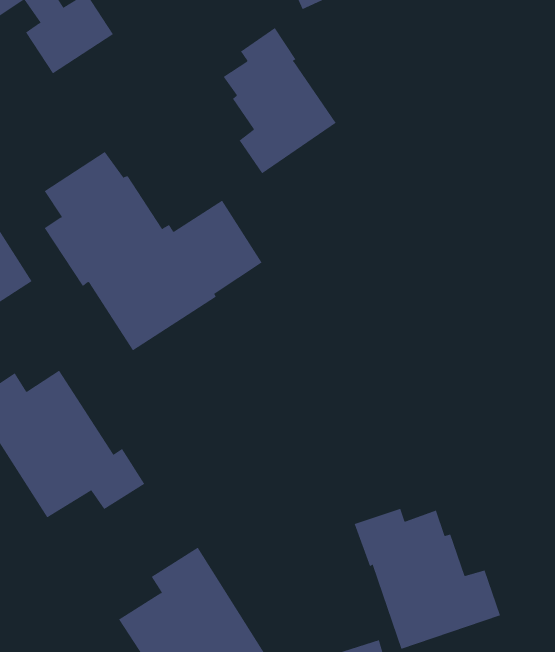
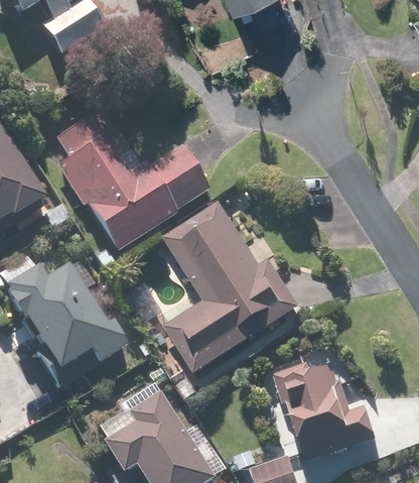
building: [223,27,337,174] -> none
building: none -> [162,200,300,373]

